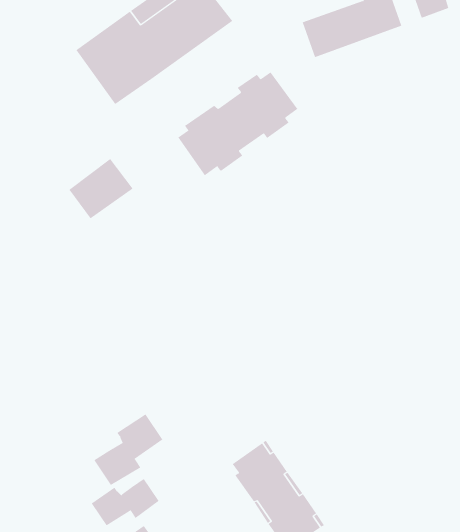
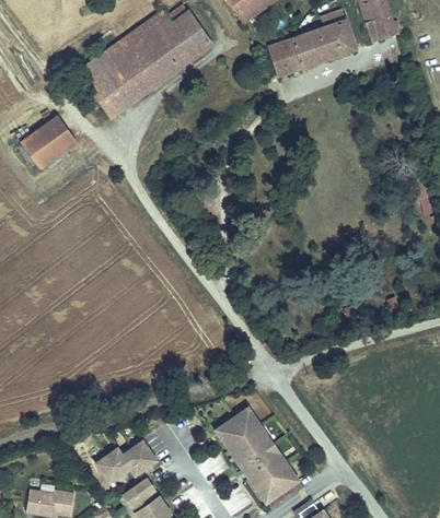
building: [178,71,298,176] -> none
building: [69,158,133,219] -> [24,115,80,167]
building: [93,414,163,486] -> none

